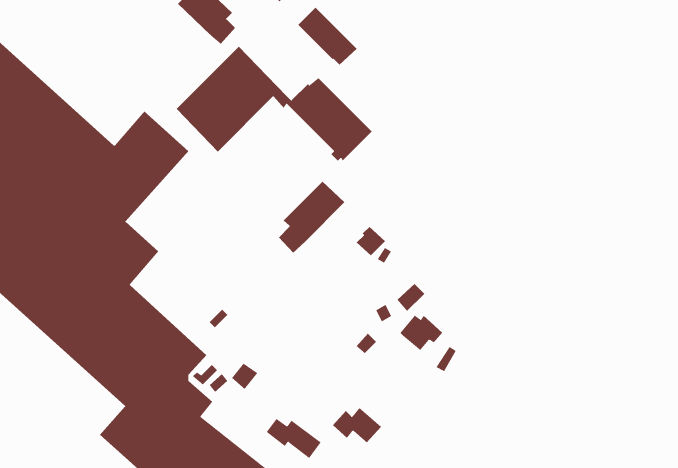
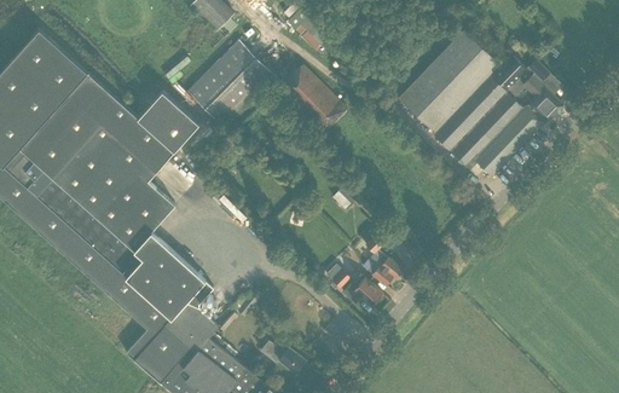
building: none -> [398,30,562,177]
building: [278,181,345,253] -> none
building: [332,407,382,443] -> [342,278,382,307]

